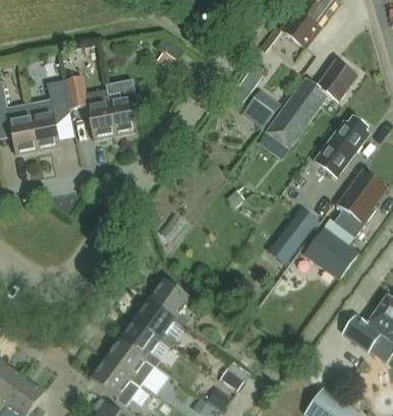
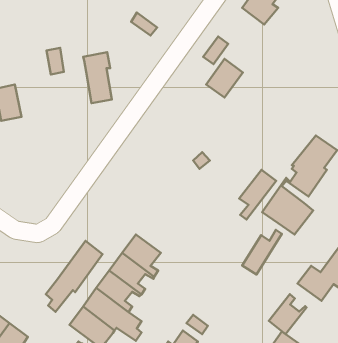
building: [265,58,357,150] -> none
building: [31,79,69,151] -> none
building: [87,88,115,139] -> none
building: [314,115,369,178] -> none
building: none -> [242,230,282,275]
building: none -> [46,241,103,312]
building: none -> [269,294,307,334]

